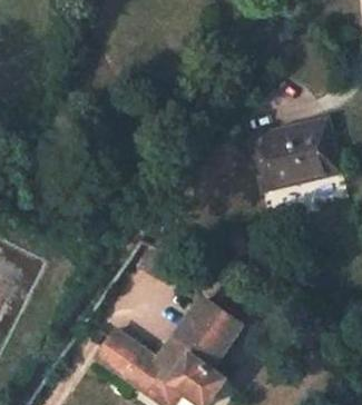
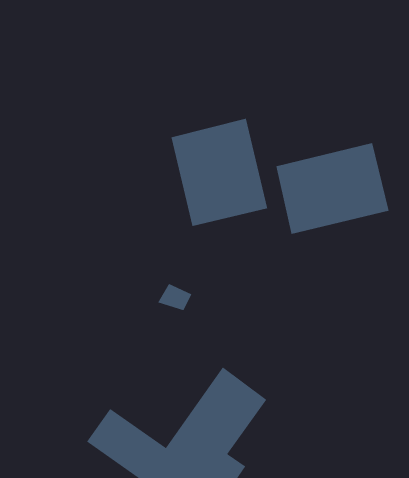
building: none -> [171,118,268,227]

